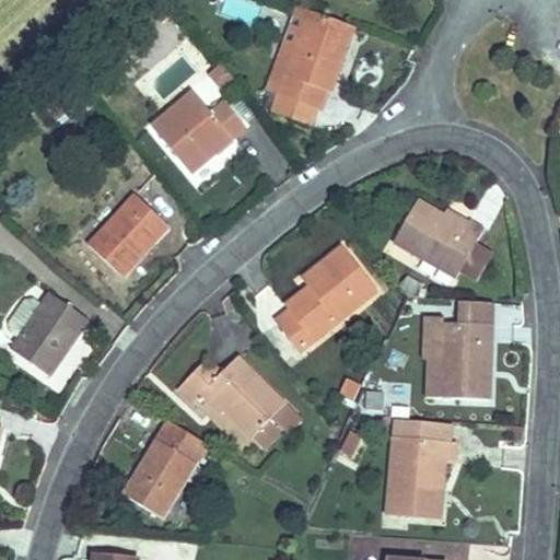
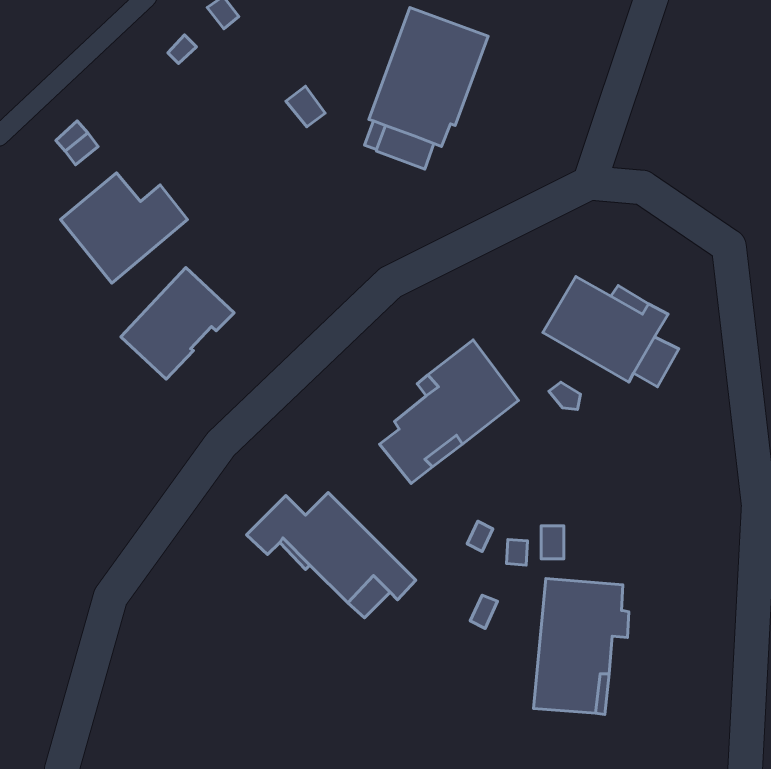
building: [152,92,244,172] -> [61,173,188,283]
building: [8,292,86,376] -> none
building: [421,306,492,399] -> none
building: [121,419,207,517] -> none

